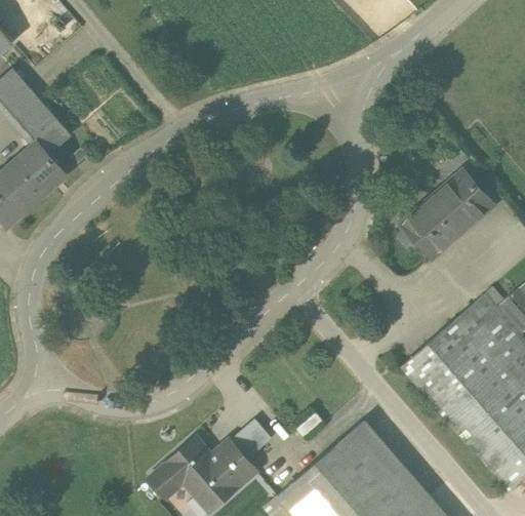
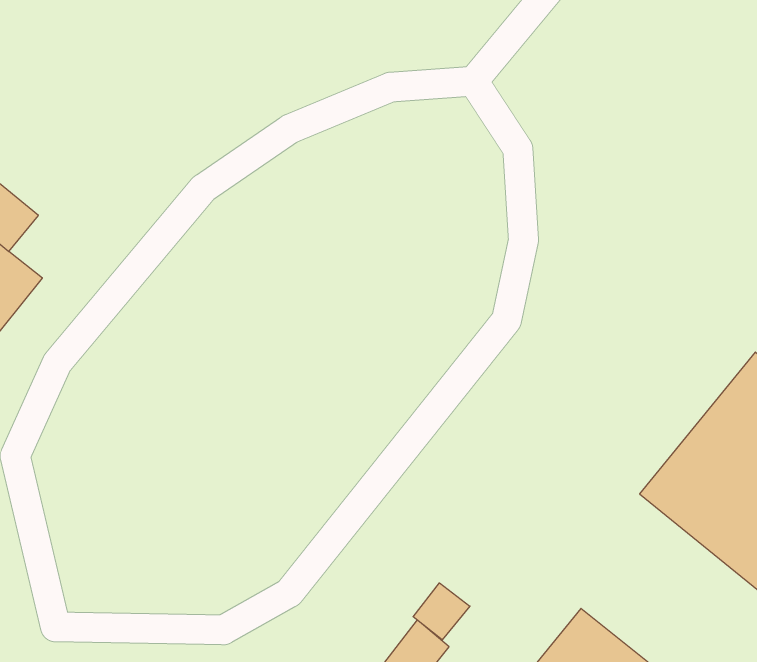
building: [404,170,493,256] -> none
building: none -> [413,583,470,640]

